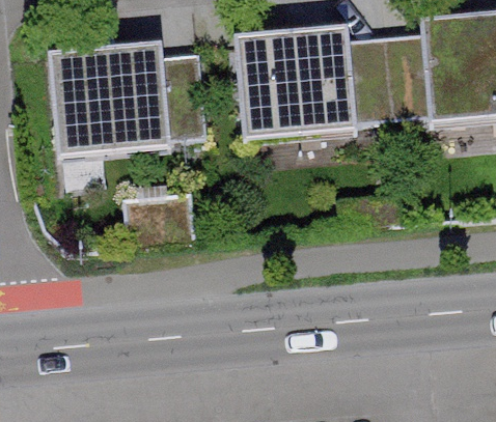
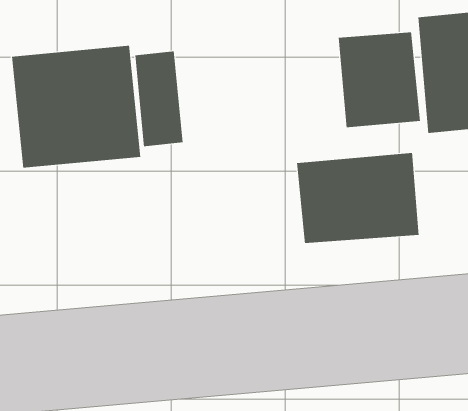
building: [236,25,357,140] -> none
building: none -> [296,152,419,244]

